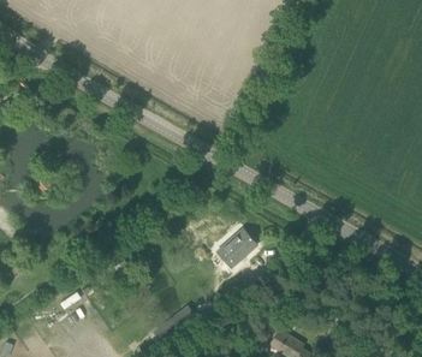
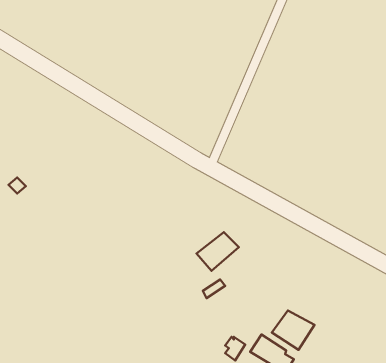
building: none -> [272,310,315,350]

